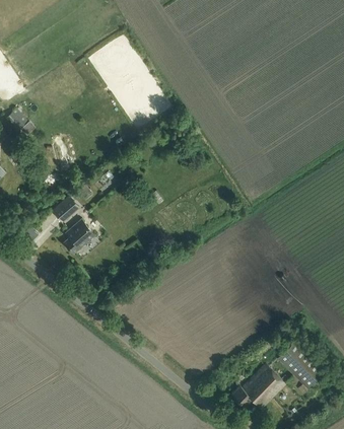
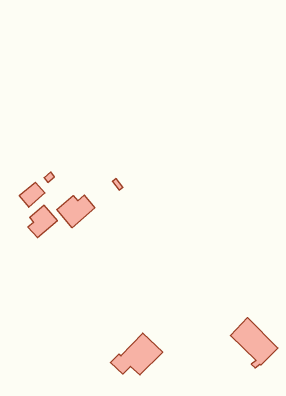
building: none -> [57,195,95,228]
building: [229,365,285,410] -> [110,333,163,375]

